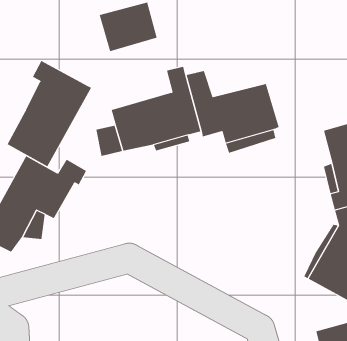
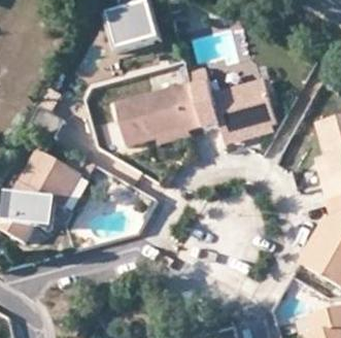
building: [7,60,92,167] -> none

